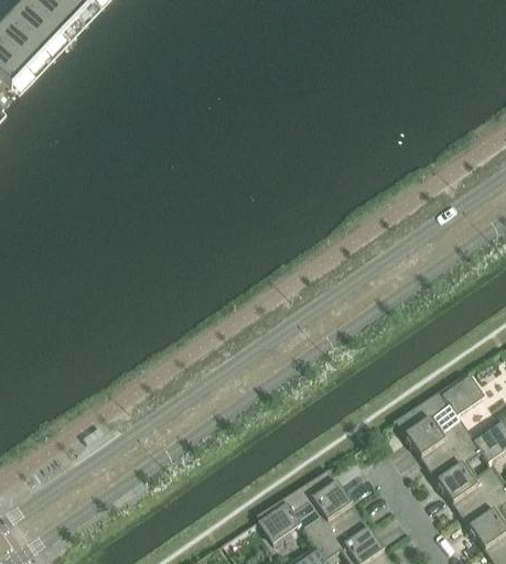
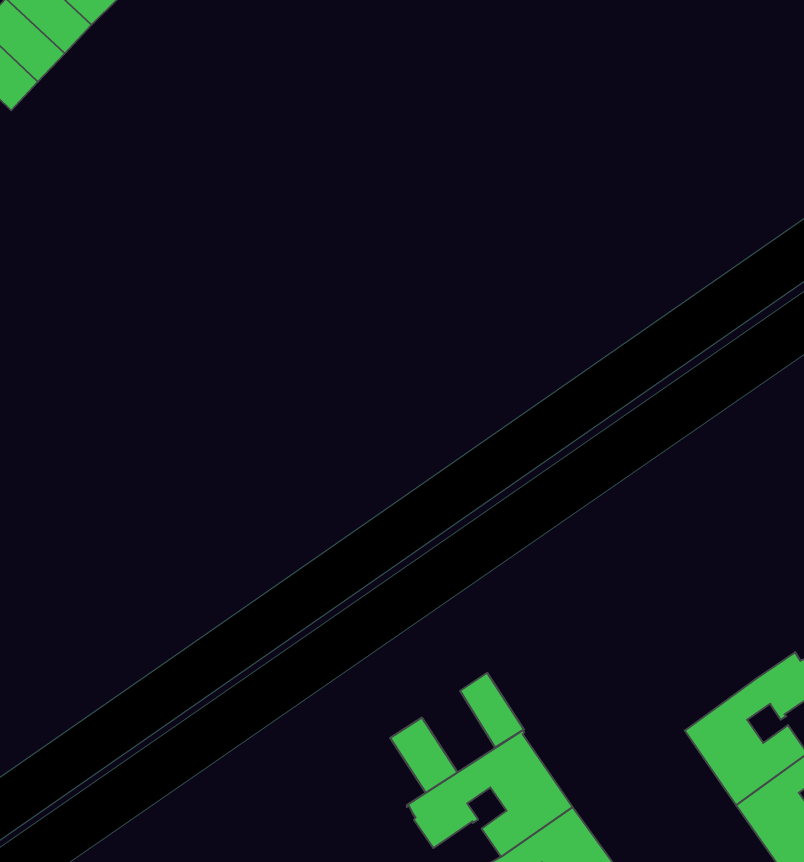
building: [396,376,485,470] -> none
building: none -> [460,673,524,747]
building: none -> [390,718,457,793]

